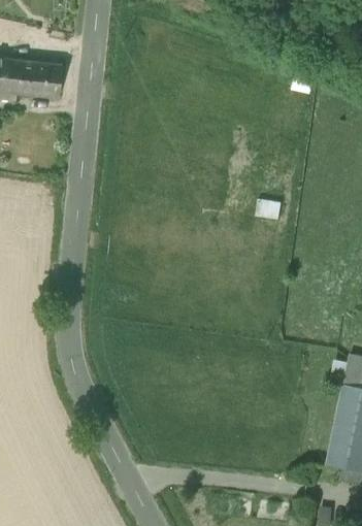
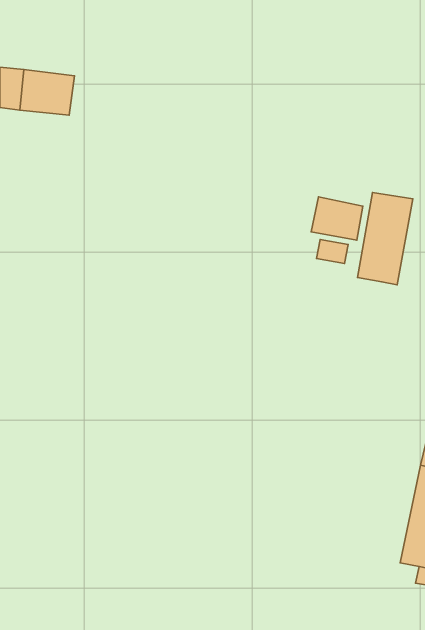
building: none -> [357,192,413,285]
building: none -> [311,197,363,240]

